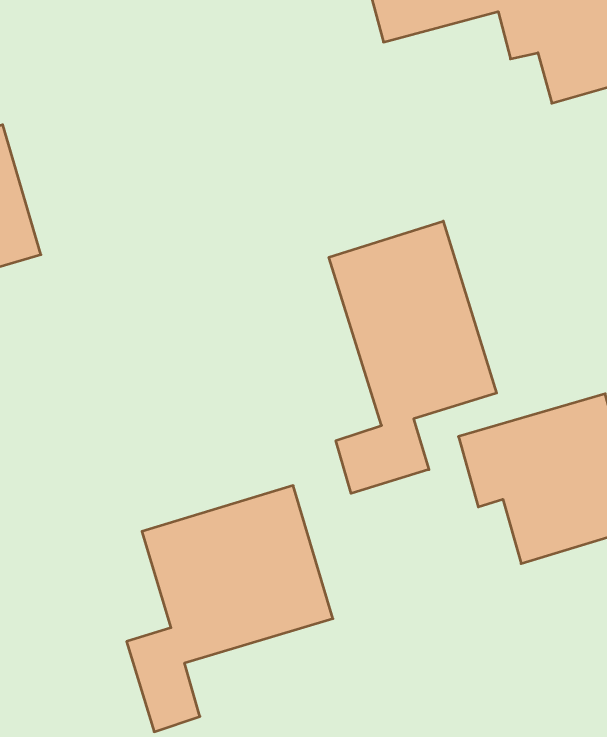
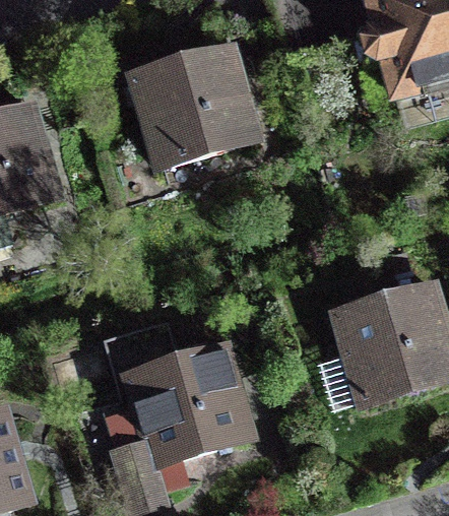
building: none -> [129,44,258,166]
building: [329,221,497,493] -> none

